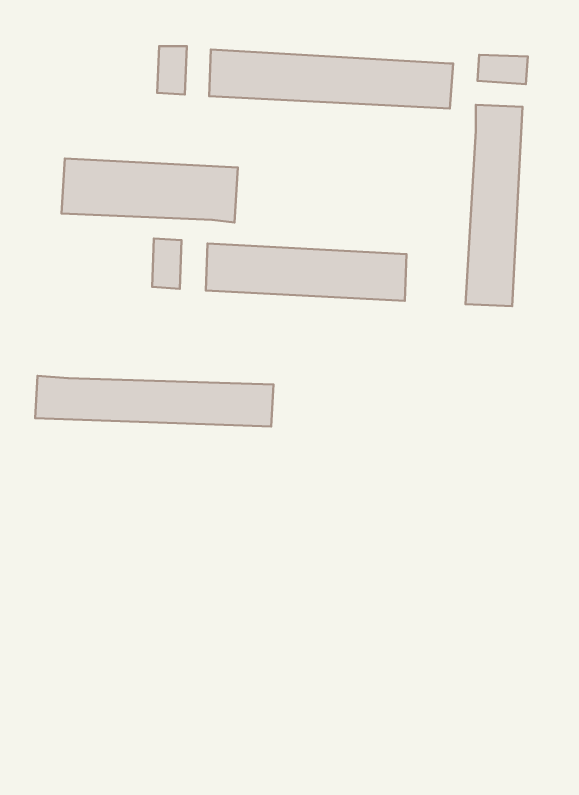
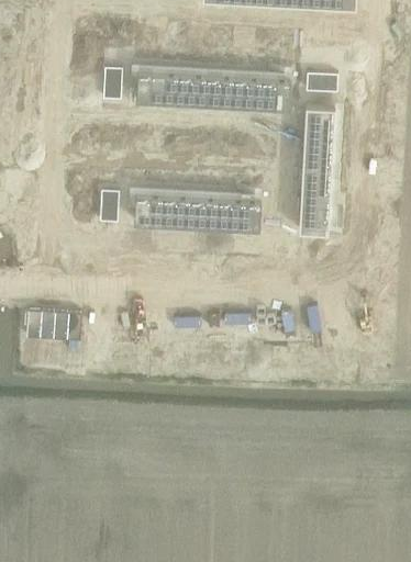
building: [61,159,238,223] -> none
building: [35,376,274,426] -> none

